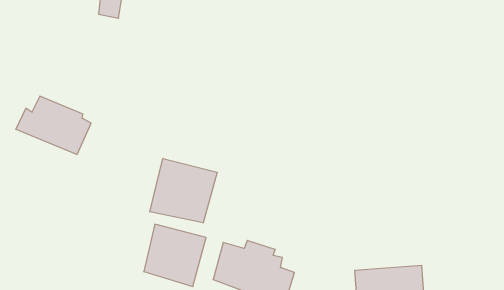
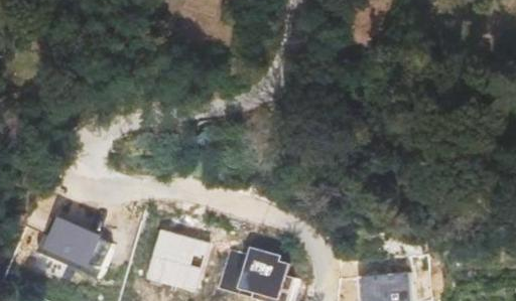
building: [16,96,91,154] -> [36,217,112,276]
building: [150,158,217,223] -> none

